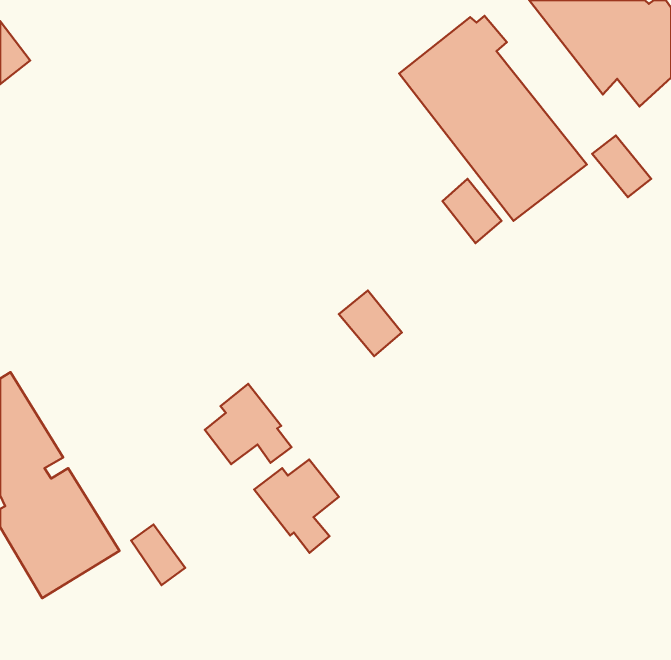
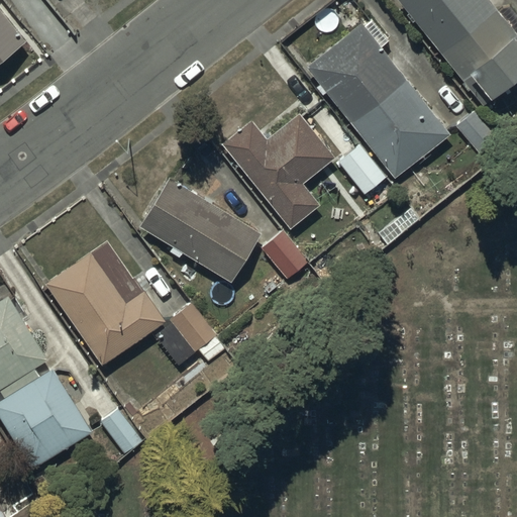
building: none -> [223,114,334,228]
building: none -> [140,177,260,280]
building: none -> [46,252,167,366]
building: [254,460,339,553] -> none

